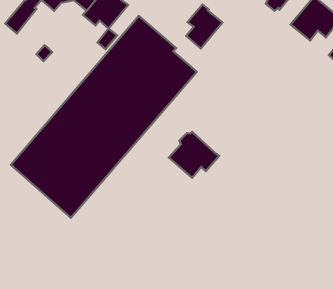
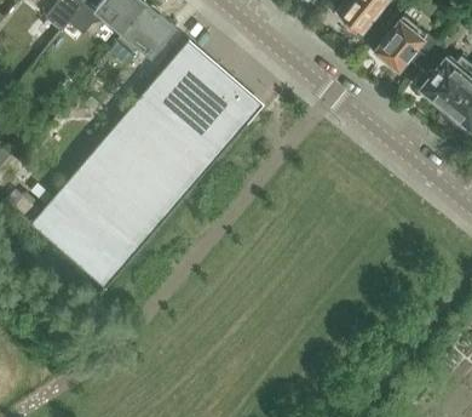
building: [186,5,222,48] -> none
building: [169,132,219,178] -> none

